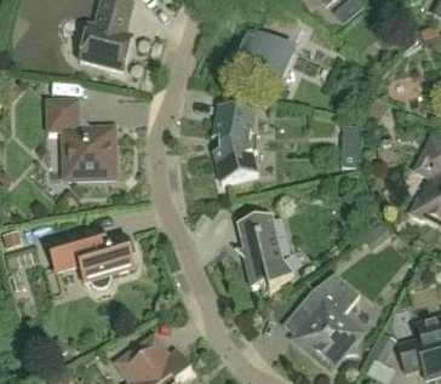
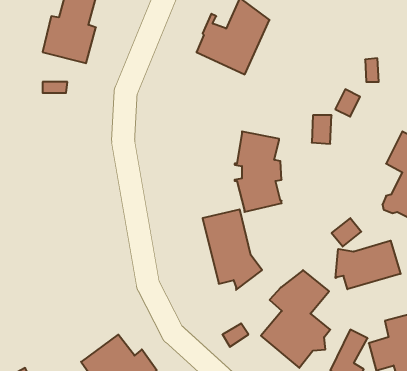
building: [48,99,115,178] -> none
building: [212,103,258,182] -> [235,131,282,212]
building: [47,225,136,287] -> none
building: none -> [336,241,401,289]

